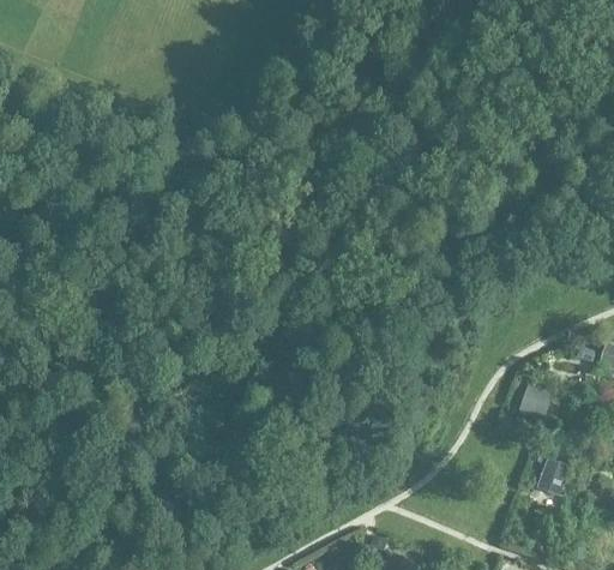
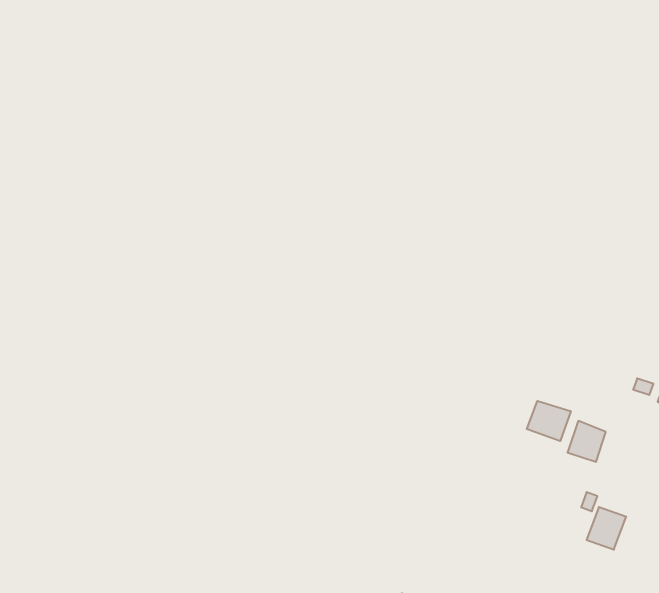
building: none -> [527,401,571,441]

